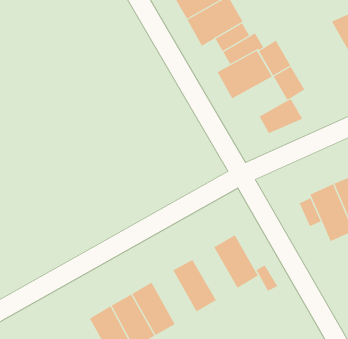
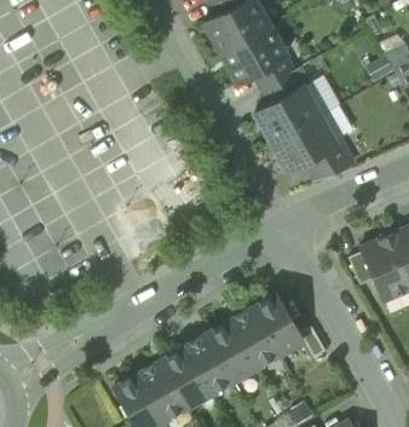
building: none -> [272,116,334,169]
building: none -> [229,307,278,367]
building: none -> [183,333,232,393]

